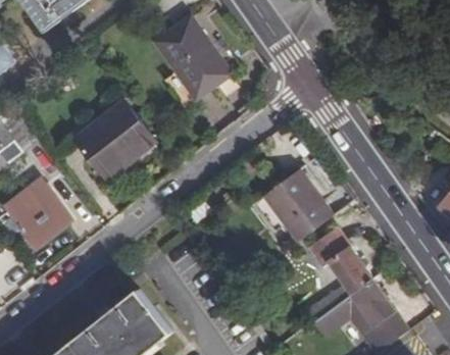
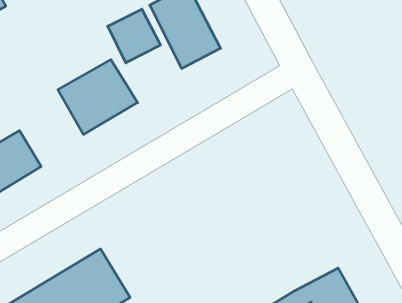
building: none -> [108,9,160,63]
building: [258,165,330,240] -> none
building: [308,226,371,307] -> none

